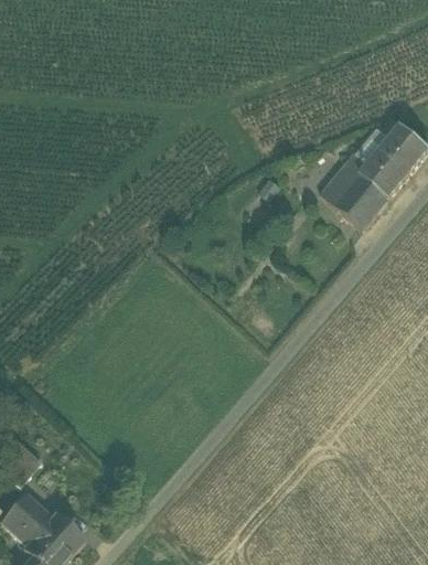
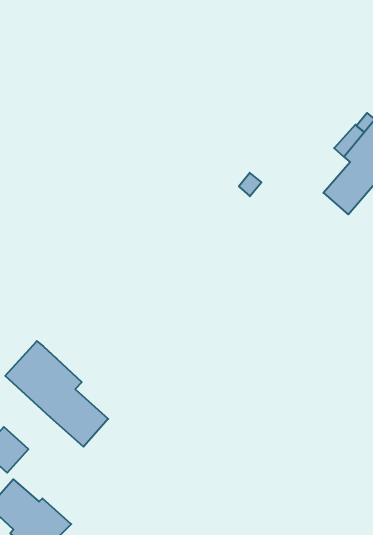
building: [328,153,372,200] -> none
building: none -> [5,341,108,447]

